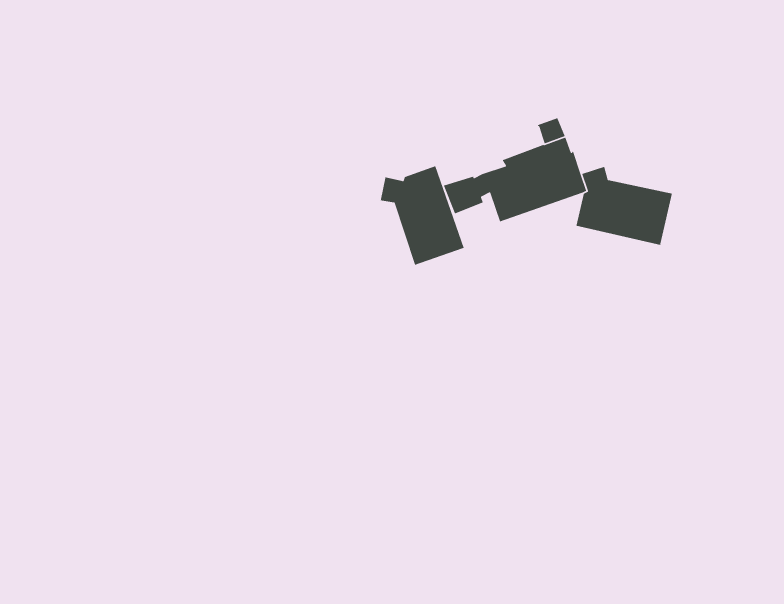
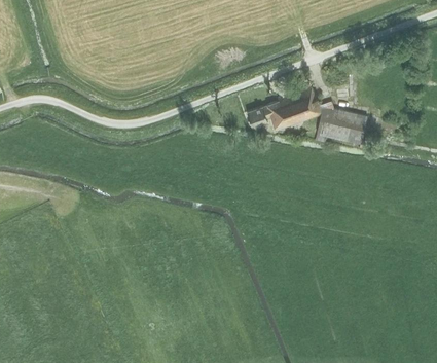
building: [380,165,465,266] -> none

